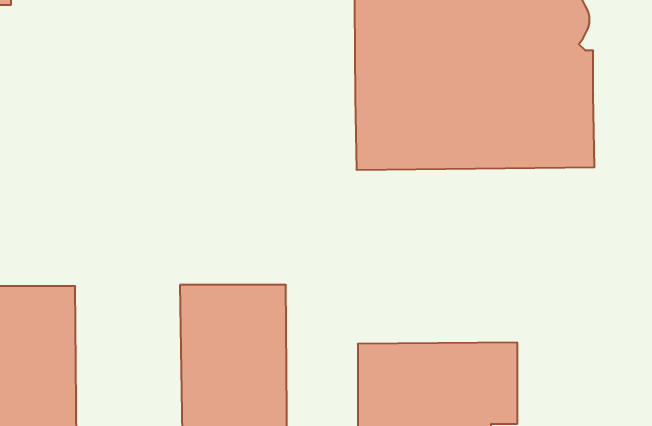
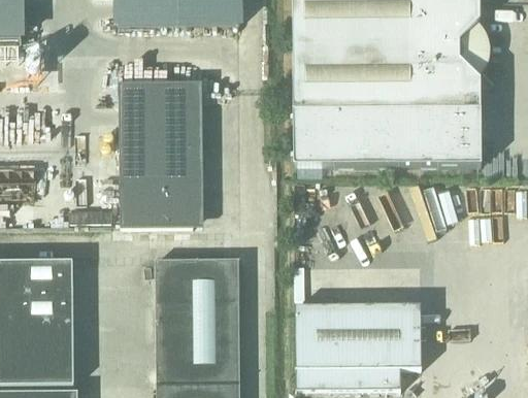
building: none -> [120,82,202,228]

